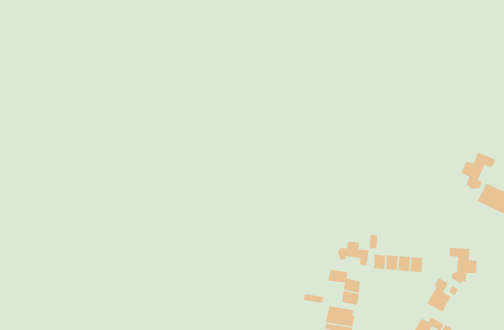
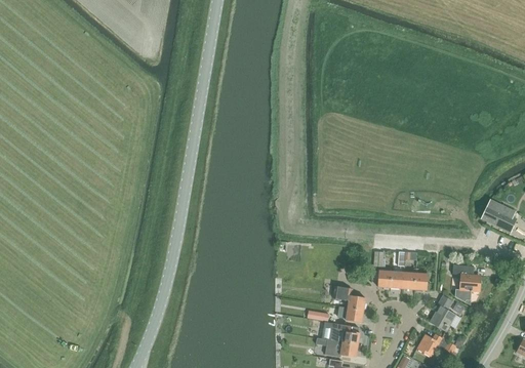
building: [461,152,496,189] -> none
building: [337,241,369,266] -> none

